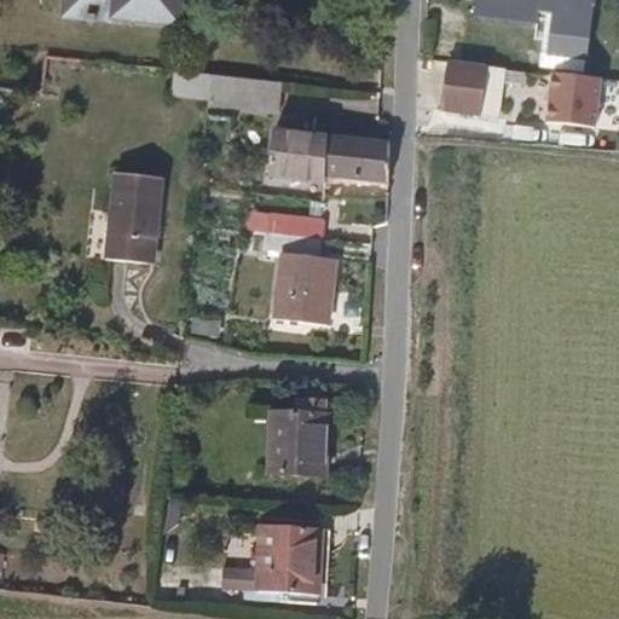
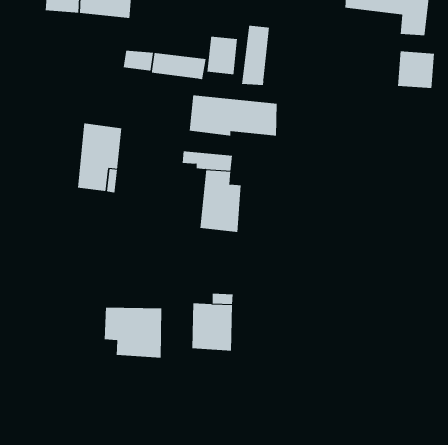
building: none -> [242,25,269,86]
building: none -> [207,36,238,75]
building: [444,56,486,110] -> none
building: none -> [104,307,162,358]
building: [227,526,325,591] -> none

